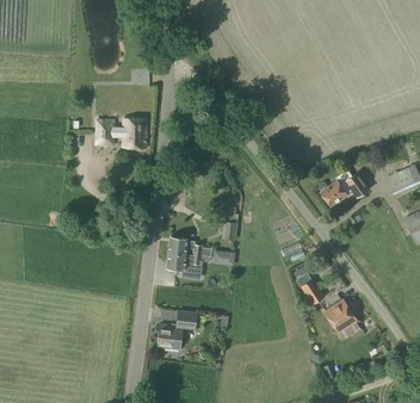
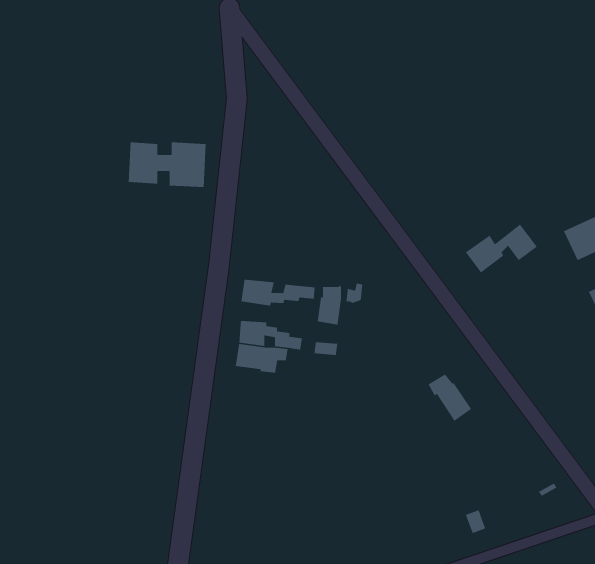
building: none -> [240,279,316,307]
building: [325,300,357,333] -> none
building: [156,310,197,351] -> none

